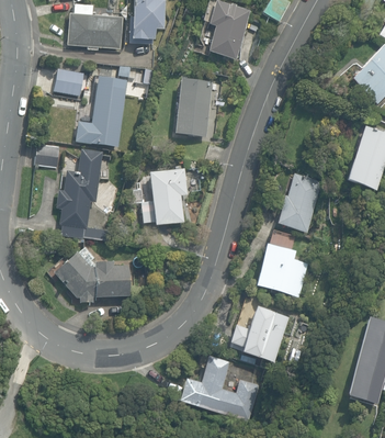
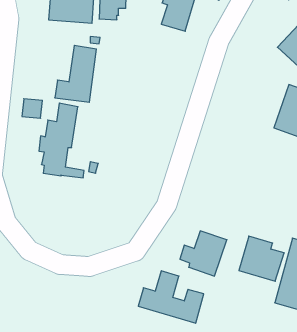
building: [53,66,84,97] -> none
building: [174,78,213,137] -> none
building: [148,167,189,225] -> none
building: [278,172,324,232] -> none
building: [254,243,310,299] -> [239,236,284,281]
building: [54,246,129,302] -> none

